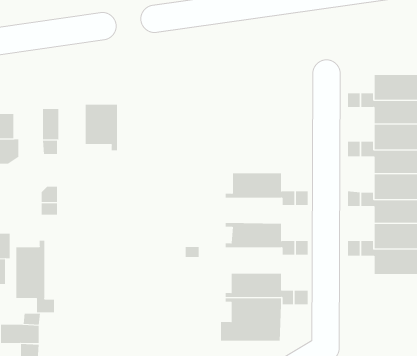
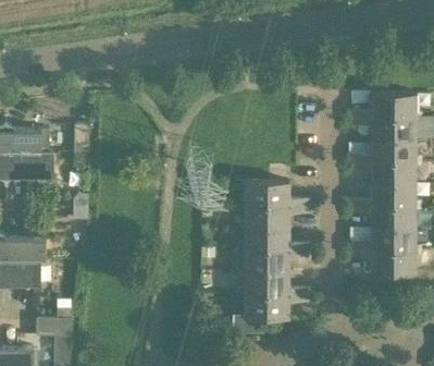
building: [85,104,117,151] -> none
building: none -> [238,206,289,229]
building: [16,240,54,313] -> none
building: none -> [238,251,289,273]

